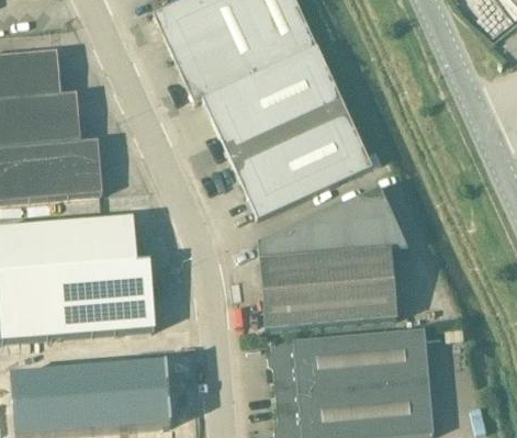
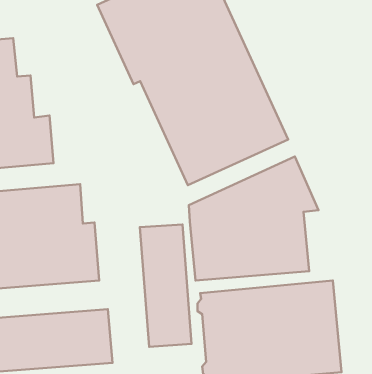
building: none -> [140,224,192,347]

